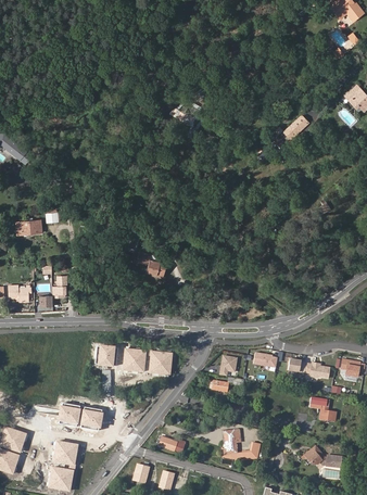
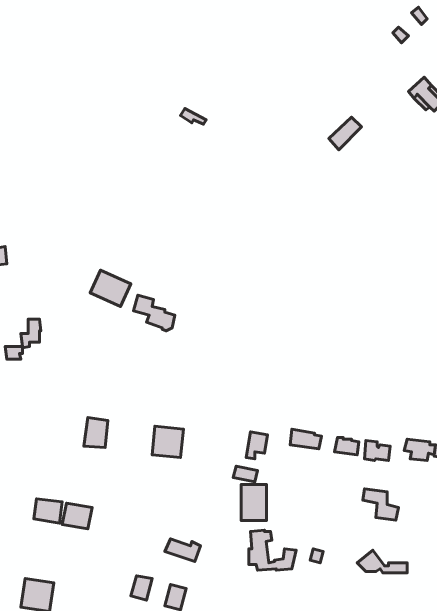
building: none -> [90,270,131,307]
building: [121,348,144,372] -> none
building: none -> [241,484,266,520]
building: [53,441,78,466] -> none

